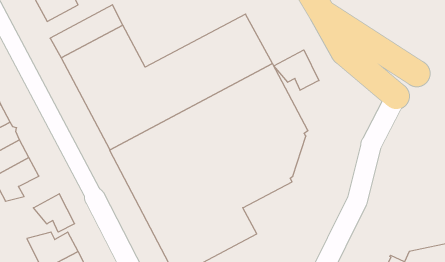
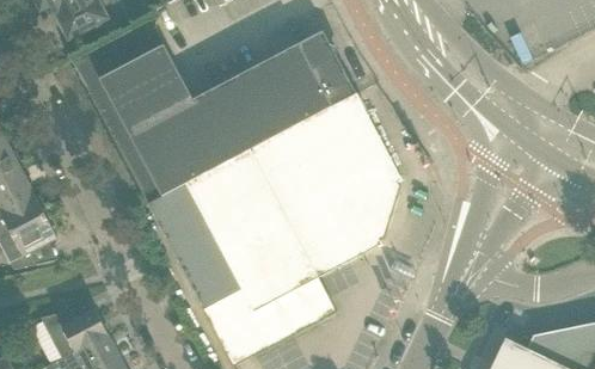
building: [274,50,319,90] -> none
building: [33,194,75,232] -> none

